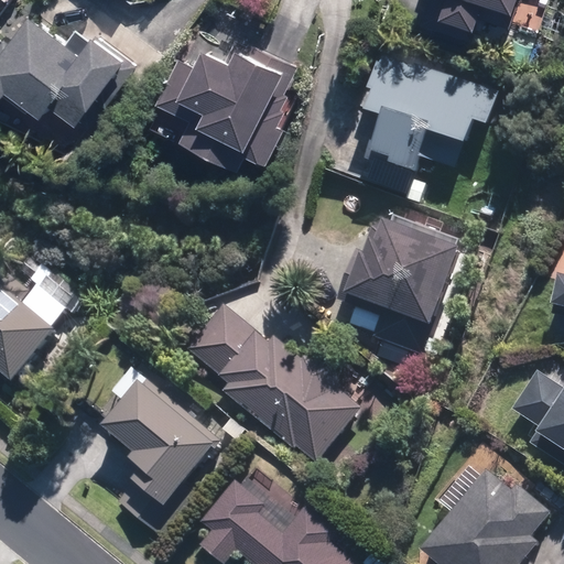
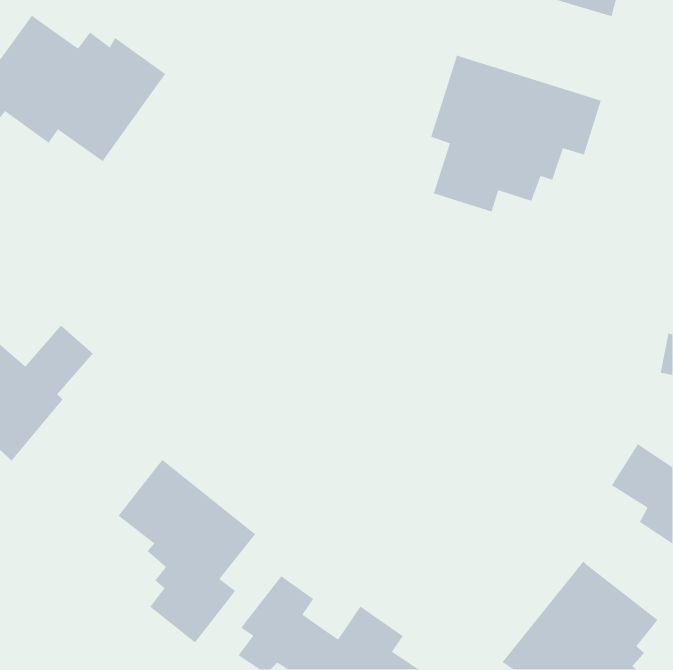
building: [154,32,294,167] -> none
building: [344,215,457,330] -> none
building: [186,303,362,462] -> none

